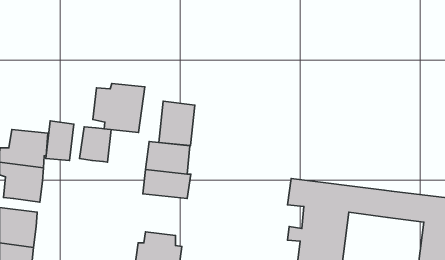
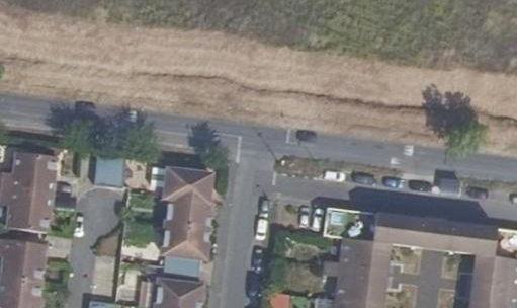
building: [93,83,145,133] -> none
building: [159,101,195,145] -> none
building: [46,121,74,161] -> none
building: none -> [157,223,210,270]

